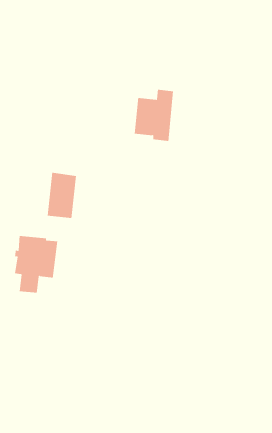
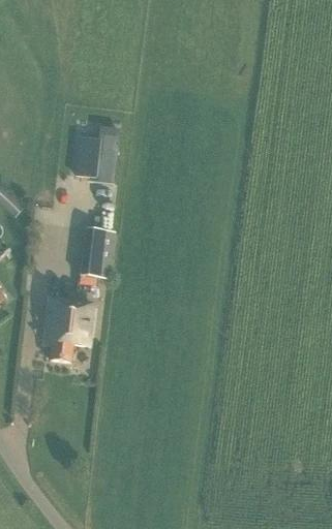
building: [134,89,174,141] -> [73,124,118,182]

